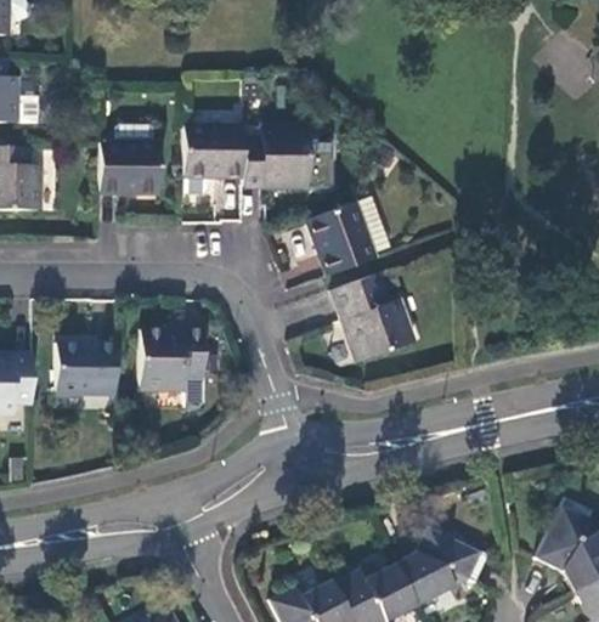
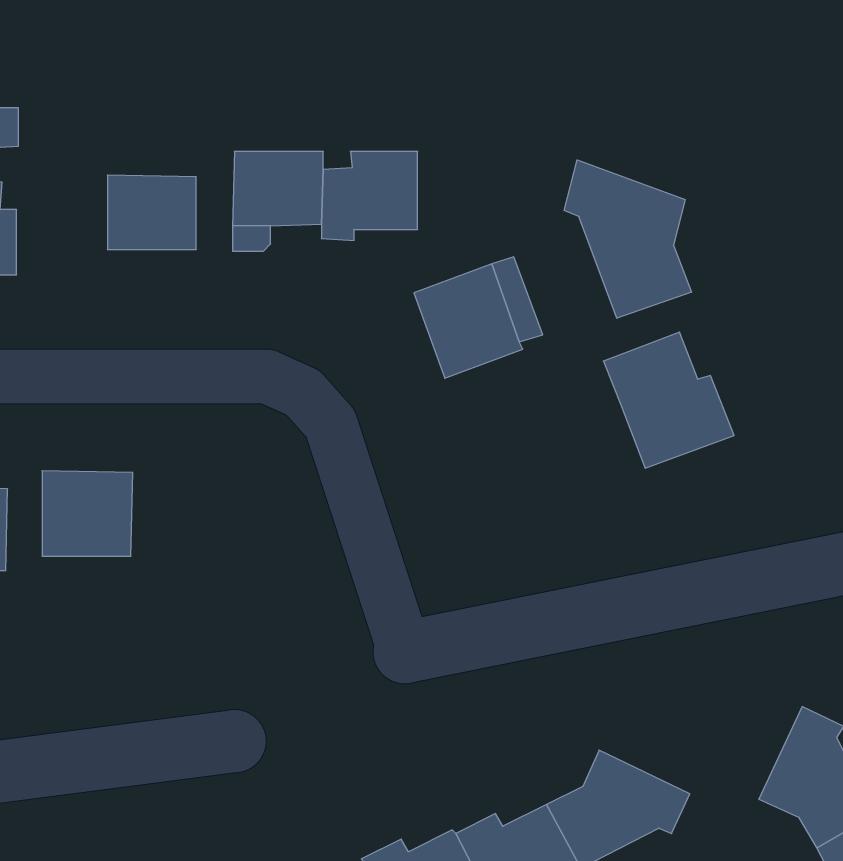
building: none -> [564,160,691,318]
building: [327,272,414,363] -> [603,332,734,468]
building: [142,330,205,390] -> none

